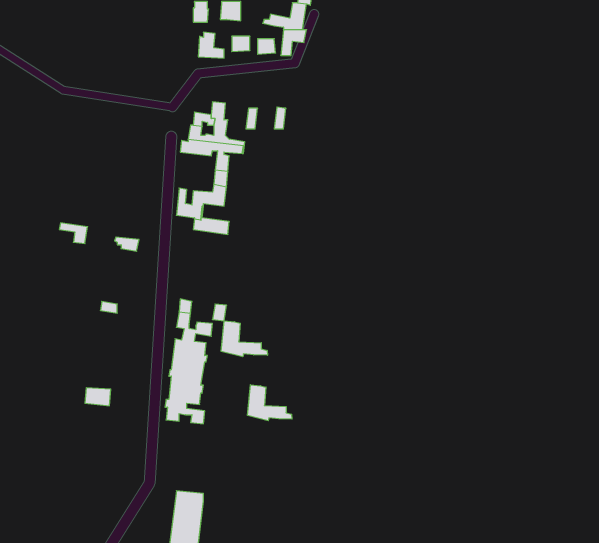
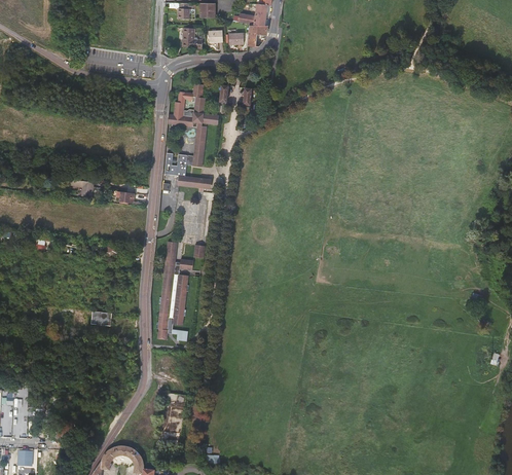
building: [221,321,267,357] -> none
building: [248,385,292,421] -> none

